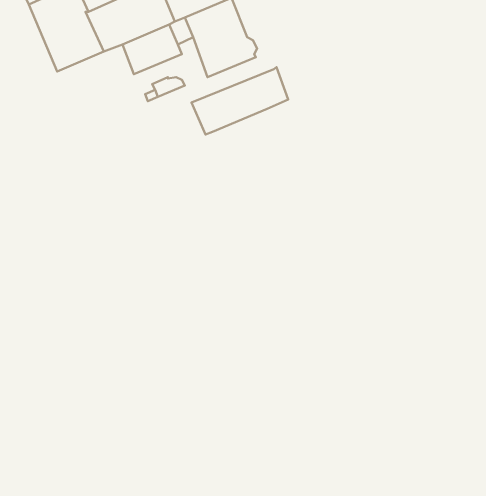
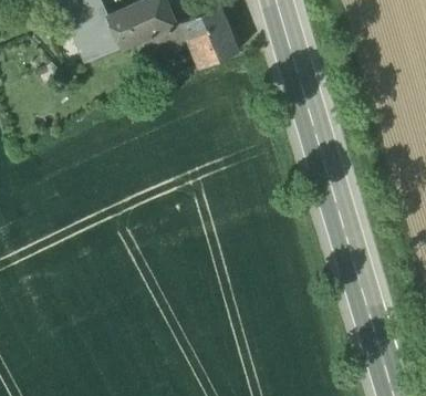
building: [191,67,288,134] -> none

